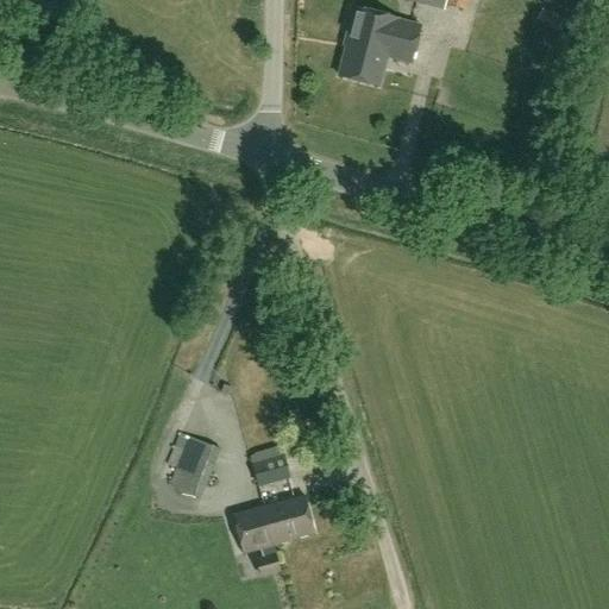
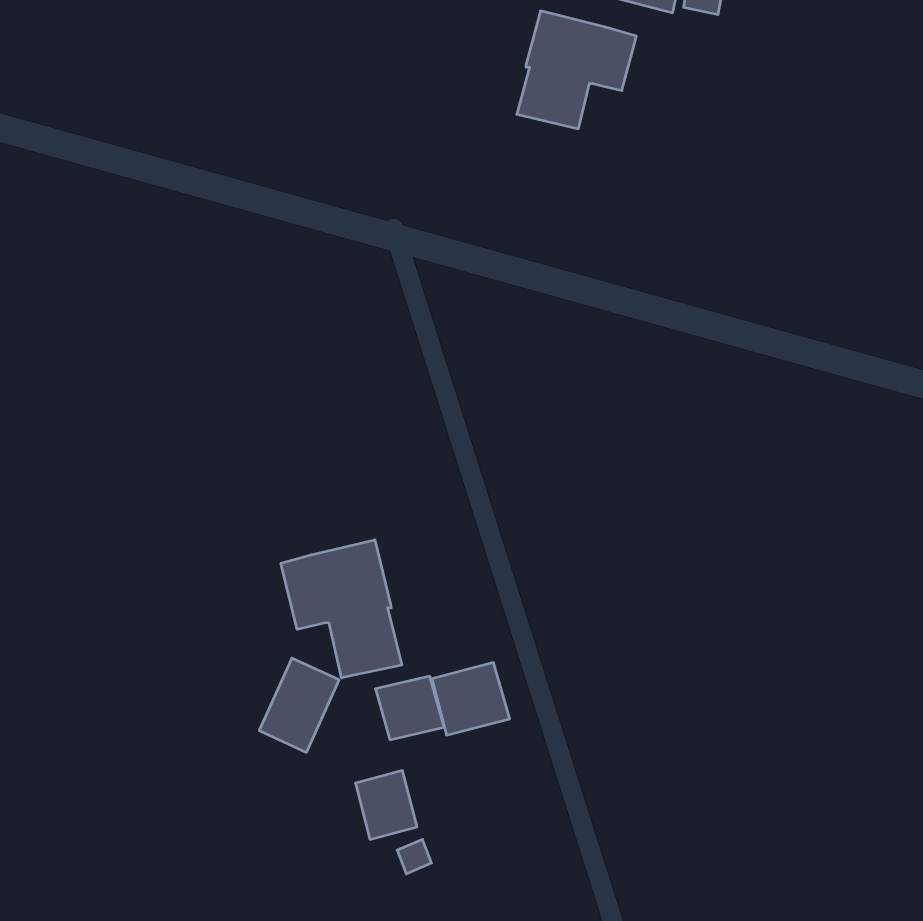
building: none -> [281,540,402,678]
building: [264,495,315,542] -> [432,663,510,735]

